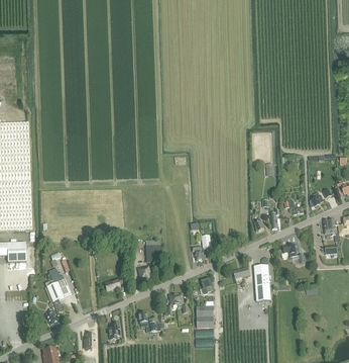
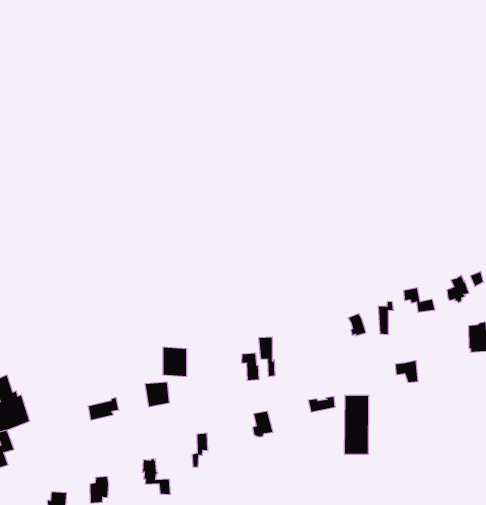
building: [196,305,213,328] -> none

